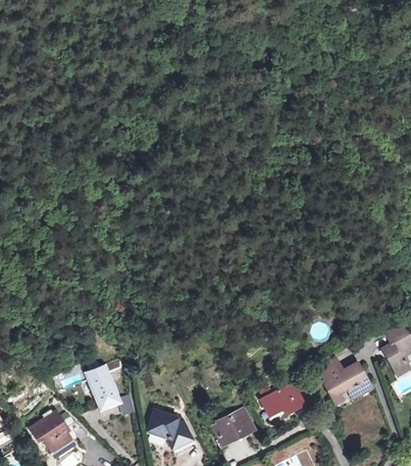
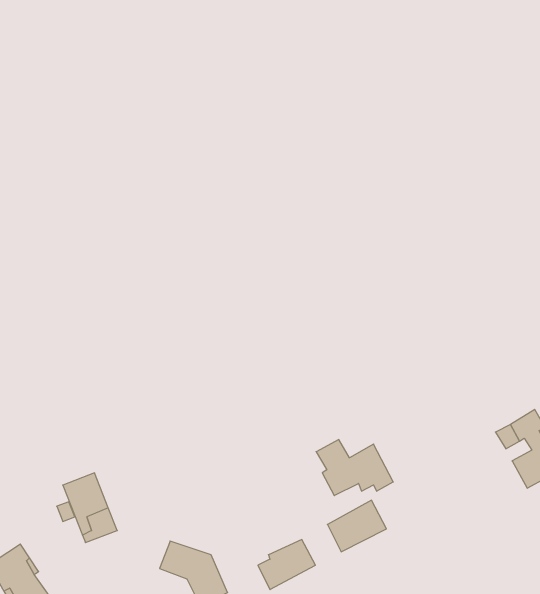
building: [318,358,370,396] -> [316,440,393,496]

